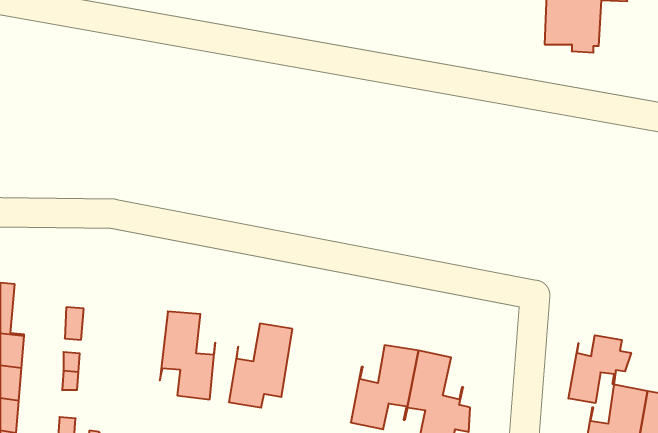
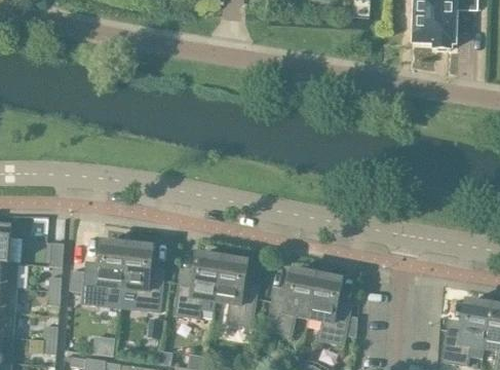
building: none -> [81,242,127,305]
building: none -> [214,258,258,326]
building: [568,335,631,403] -> none

